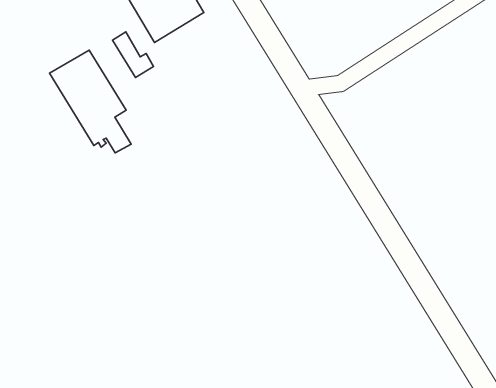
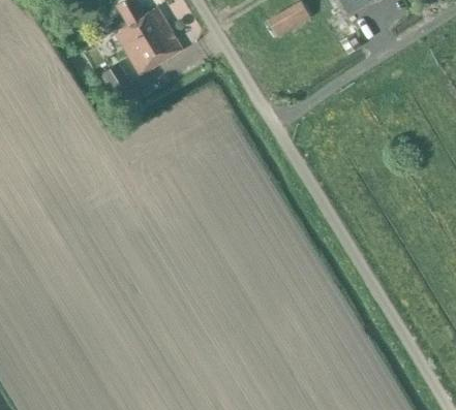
building: [49,50,131,153] -> none

